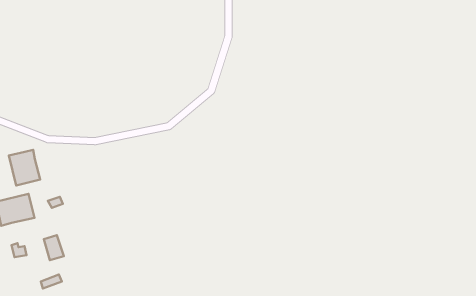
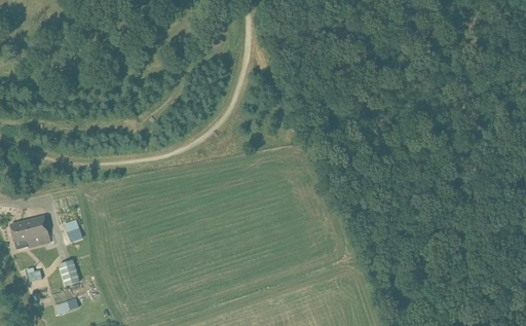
building: [9,150,40,185] -> none

